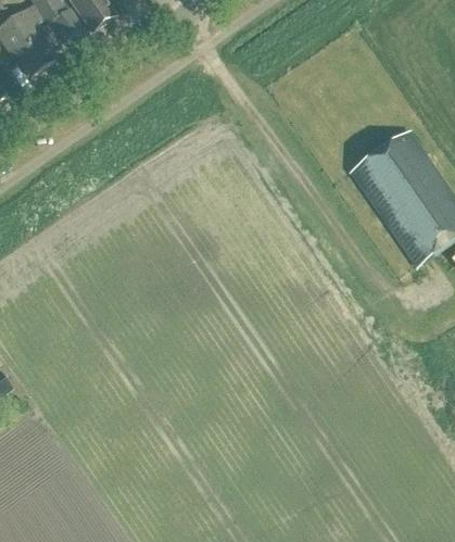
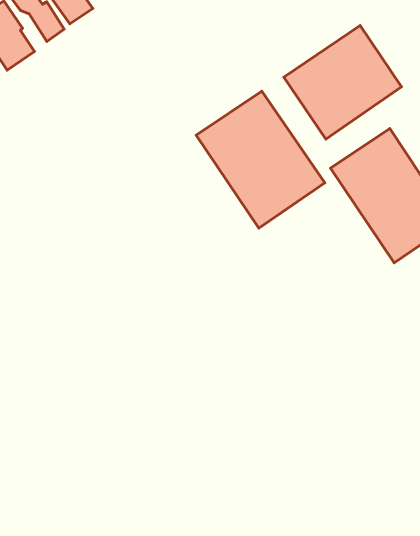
building: none -> [284,25,401,139]
building: none -> [196,91,325,228]

